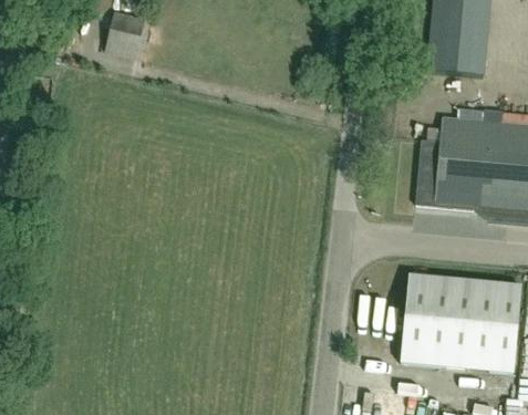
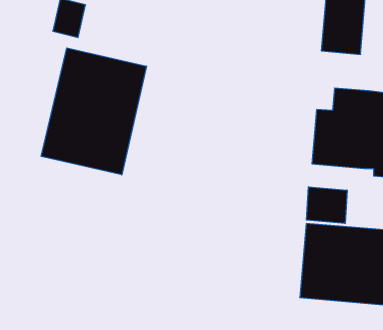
building: none -> [41,48,146,175]
building: none -> [307,187,347,224]

